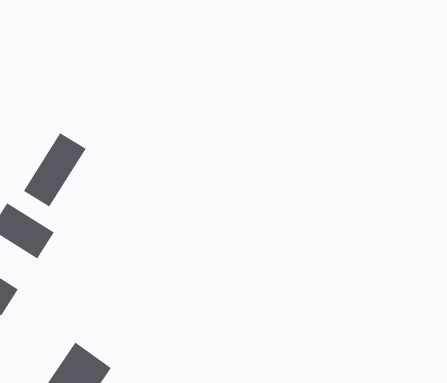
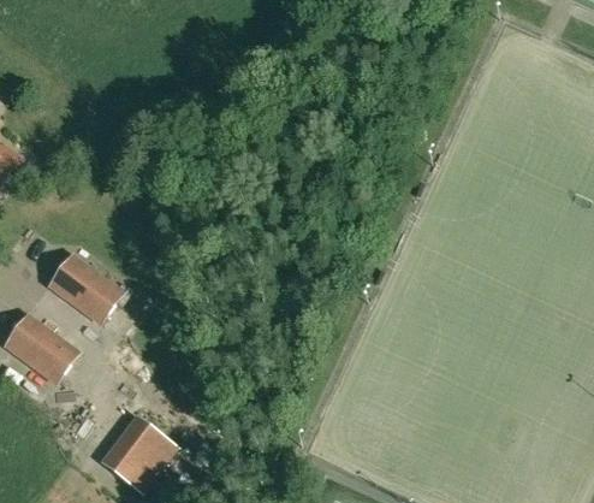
building: [23,132,87,208] -> none

